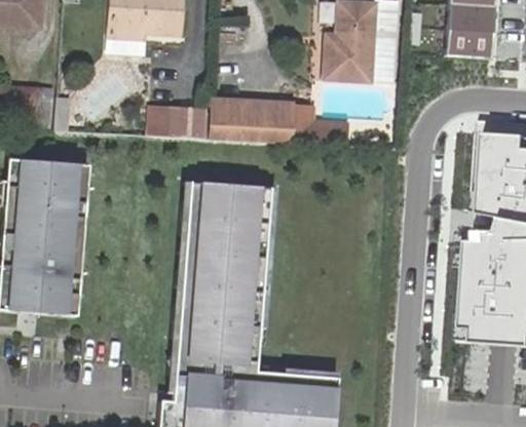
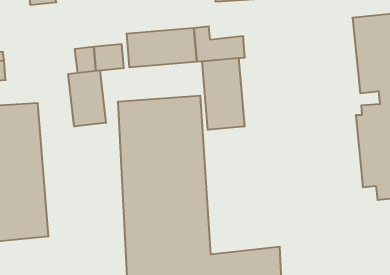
building: none -> [68,70,106,127]
building: none -> [202,58,244,130]

